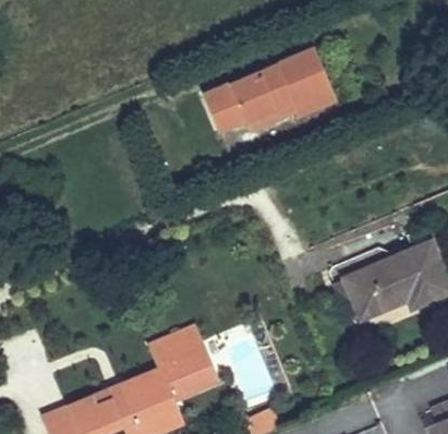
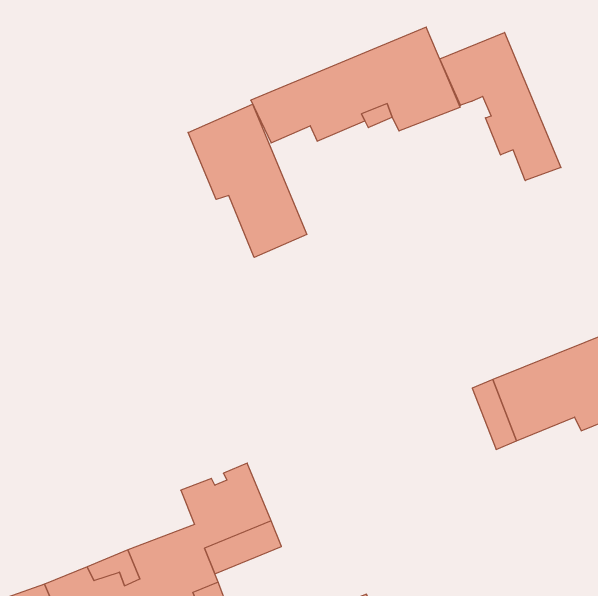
building: none -> [440,32,561,181]
building: none -> [188,104,307,257]

